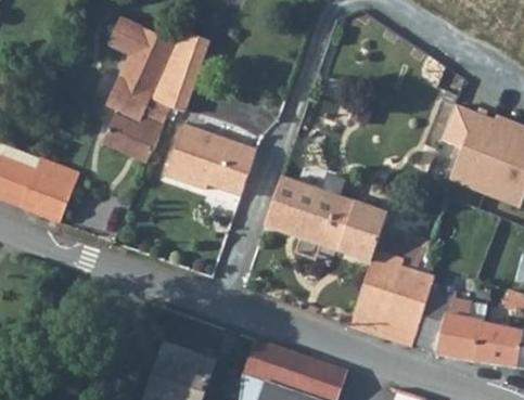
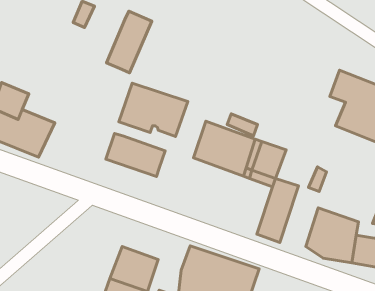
building: [101,24,172,162] -> none
building: none -> [106,134,165,176]
building: [378,266,433,345] -> none

